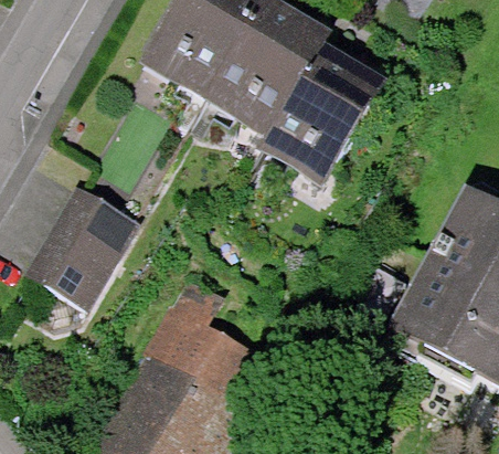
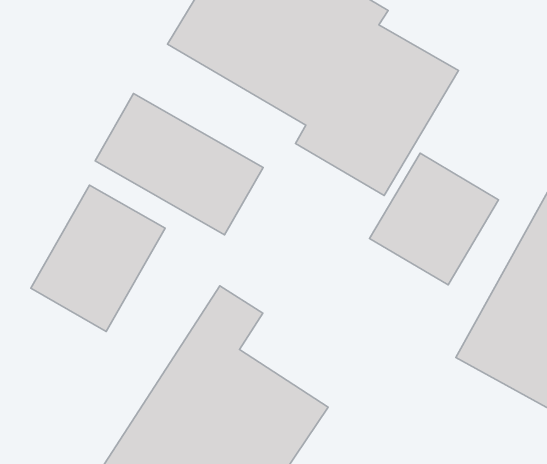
building: none -> [95,94,263,235]
building: none -> [370,153,499,285]

